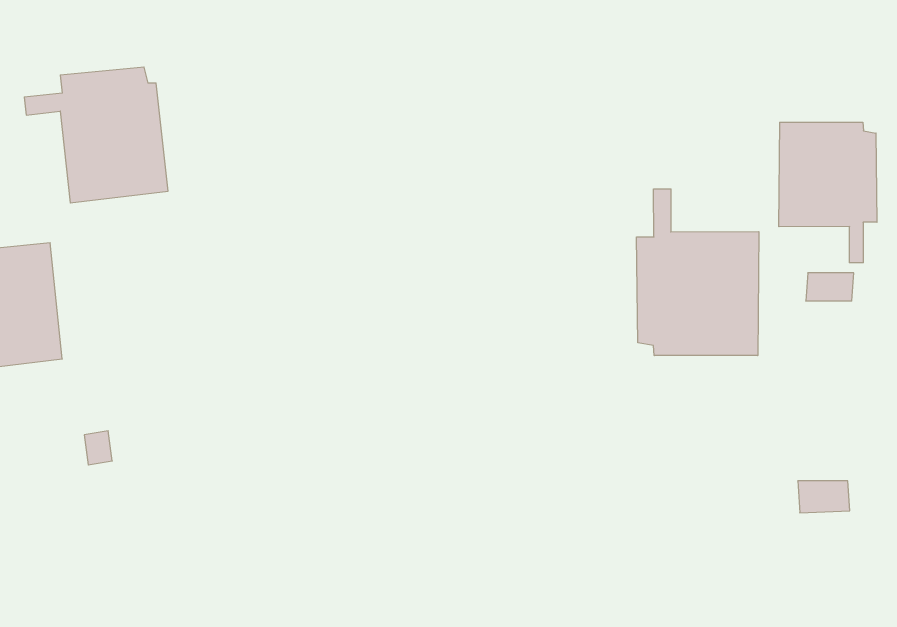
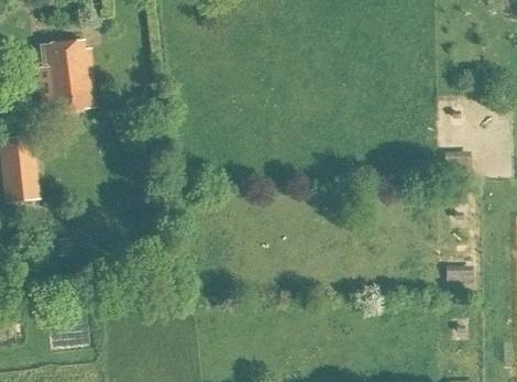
building: [779,122,877,263] -> none
building: [637,189,759,356] -> none

